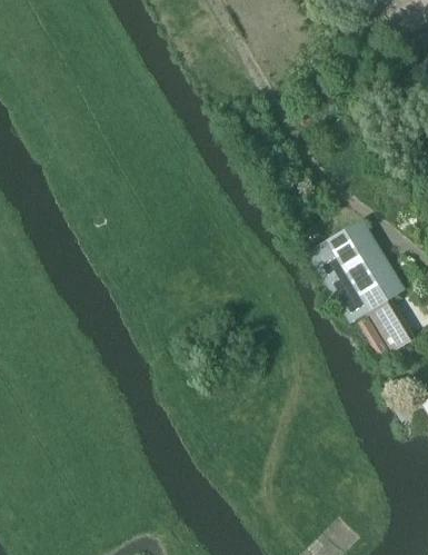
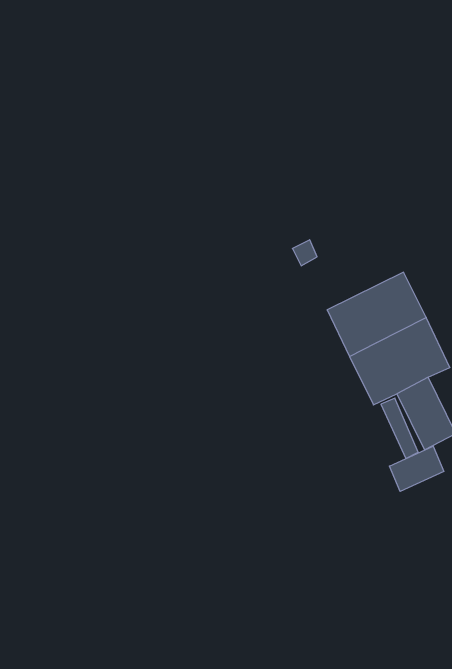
building: none -> [389,446,444,491]

